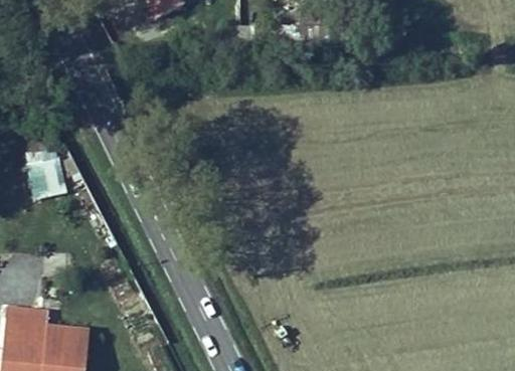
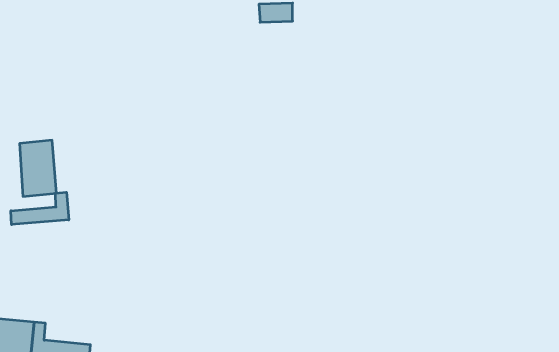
building: none -> [11,192,69,225]

